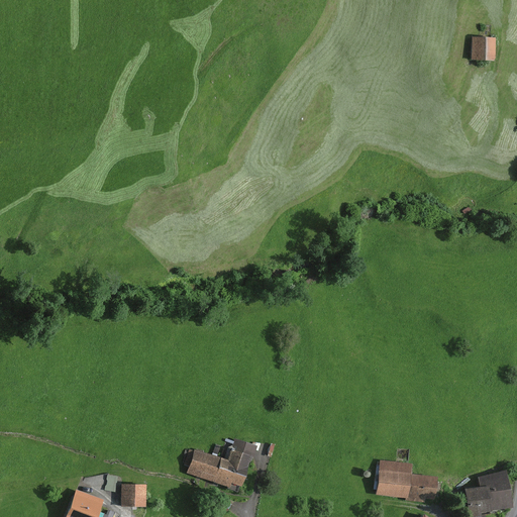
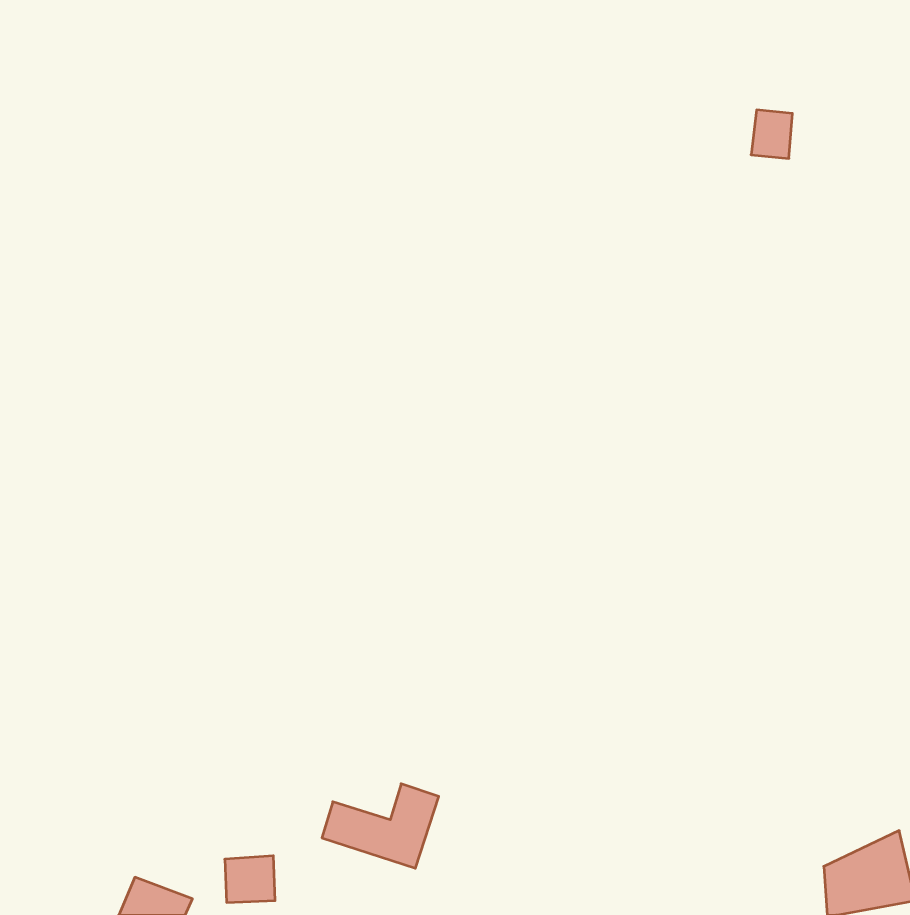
building: [468,34,491,62] -> [751,110,792,158]
building: [378,459,431,497] -> none

